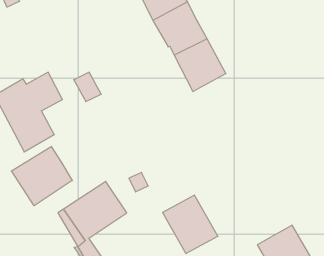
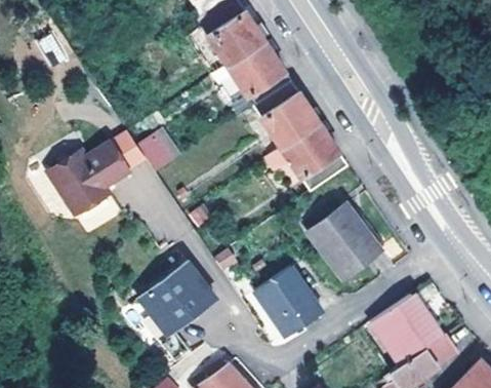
building: none -> [281,121,347,190]
building: none -> [310,205,379,277]
building: [11,146,72,206] -> none

